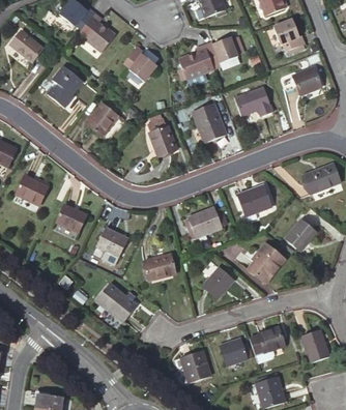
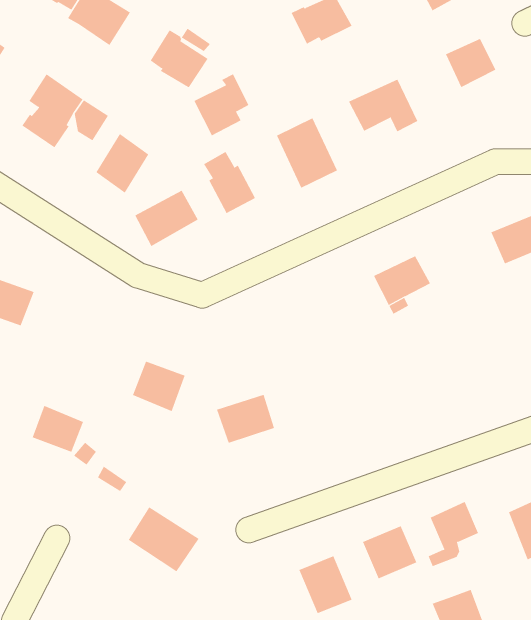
building: [180,42,211,77] -> [194,73,249,136]
building: none -> [134,190,199,247]
building: [55,205,85,233] -> [32,405,84,452]
building: [189,207,223,237] -> none
building: [286,219,317,251] -> none
building: [249,243,287,284] -> none
building: [201,269,233,302] -> none
building: [97,282,138,320] -> [128,507,199,572]

